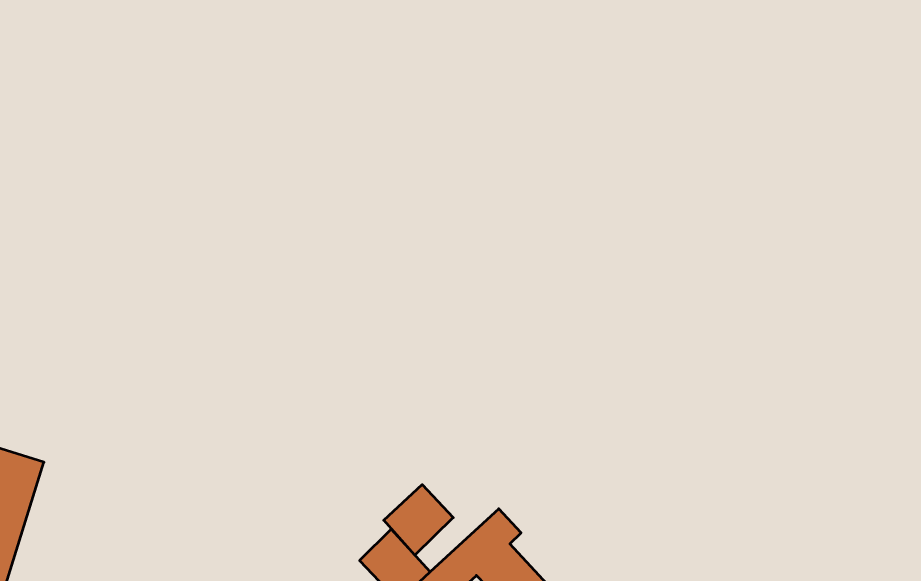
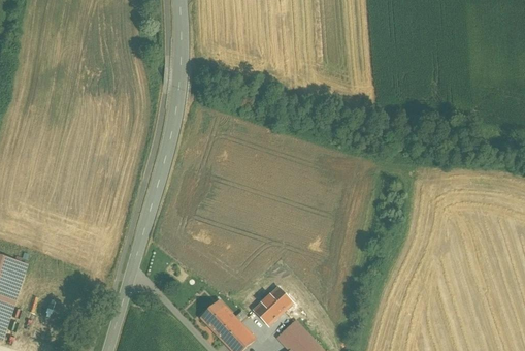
building: [384,485,453,555] -> none

